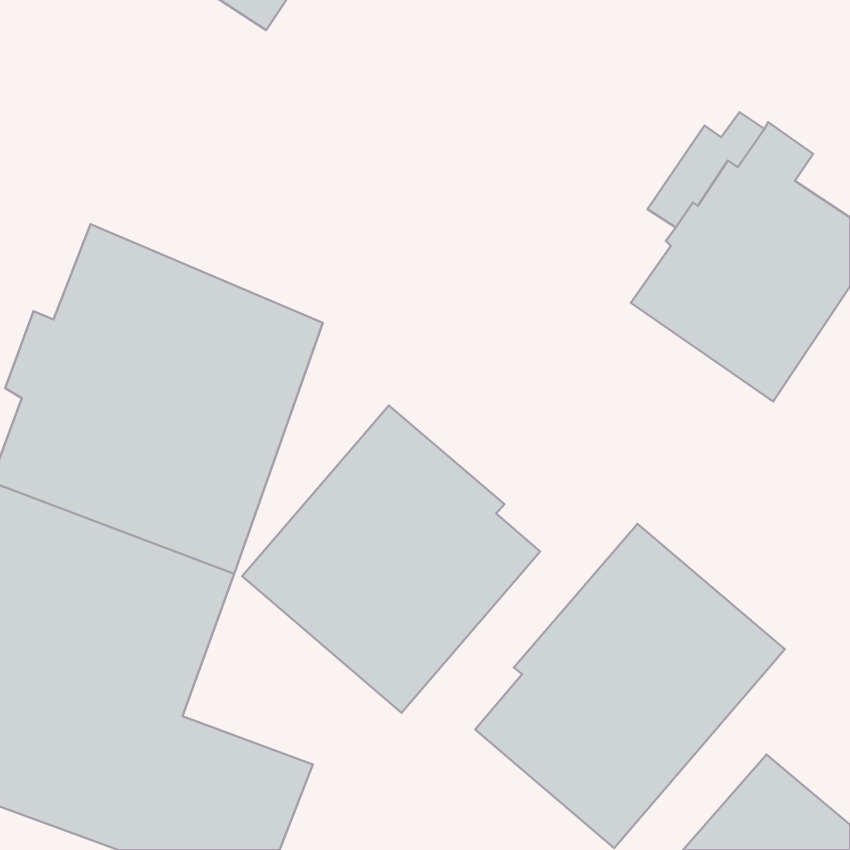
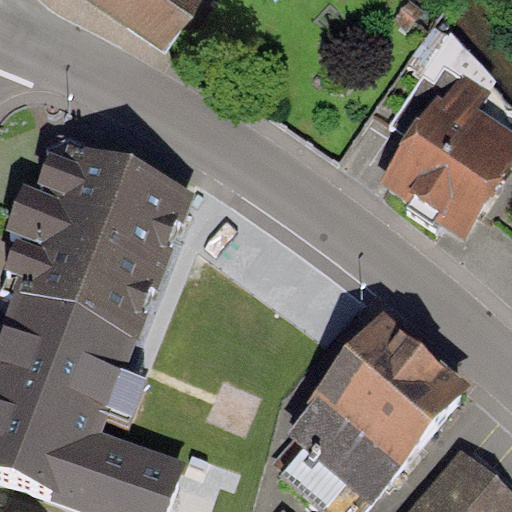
building: [242,405,540,713] -> none

